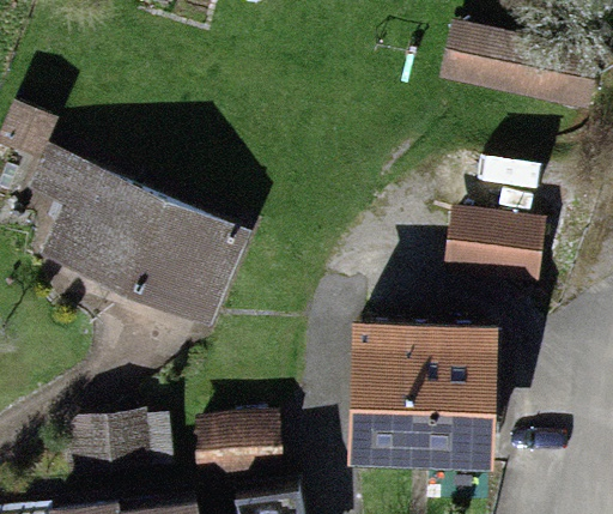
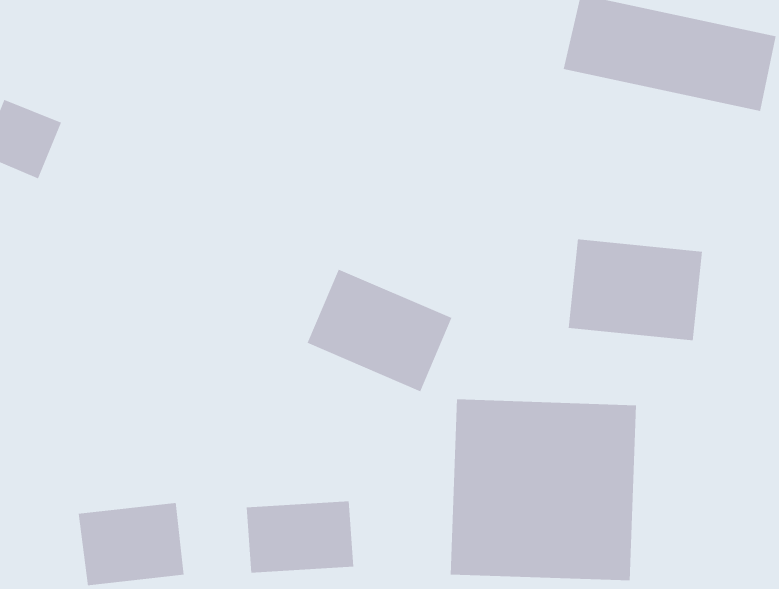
building: [28,144,250,327] -> none
building: none -> [307,269,452,392]

